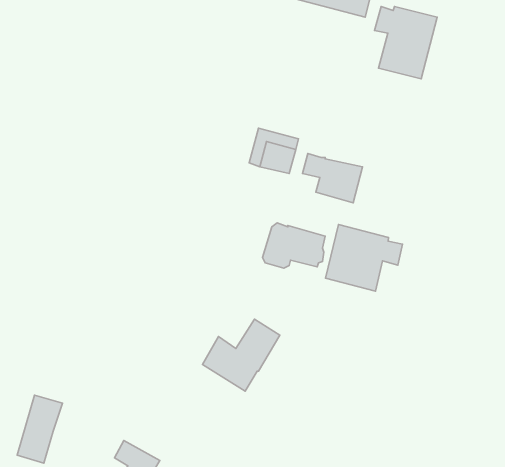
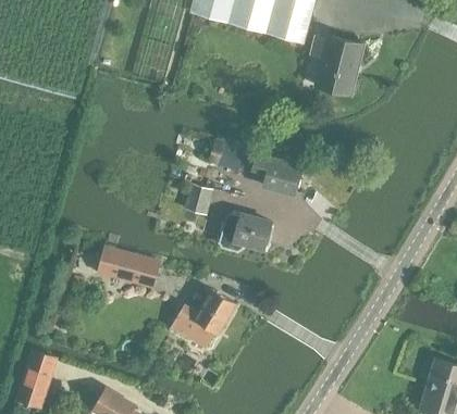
building: none -> [184,184,212,214]
building: [325,224,403,291] -> none
building: none -> [97,248,158,286]

